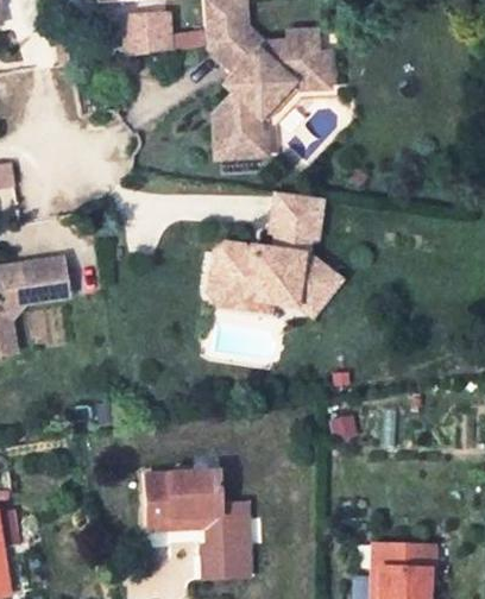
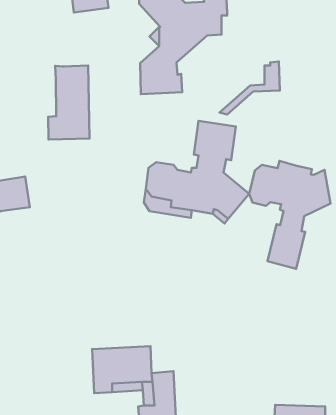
building: [251,55,326,120] -> [219,62,280,114]
building: none -> [48,66,90,140]
building: none -> [249,161,330,269]

